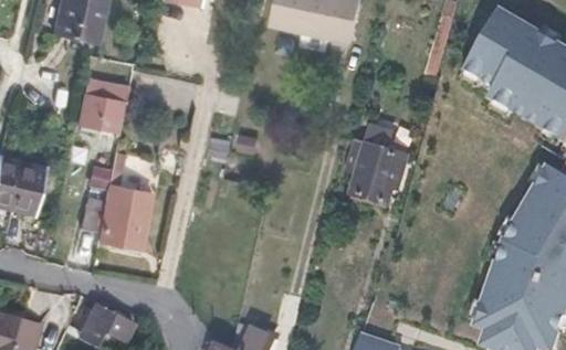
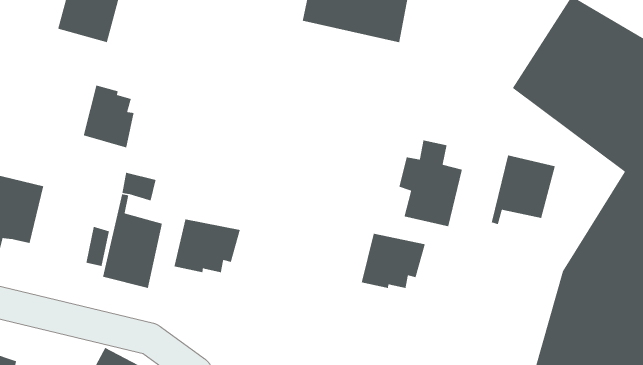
building: none -> [491,155,556,225]
building: none -> [174,218,241,273]
building: none -> [361,233,426,289]

